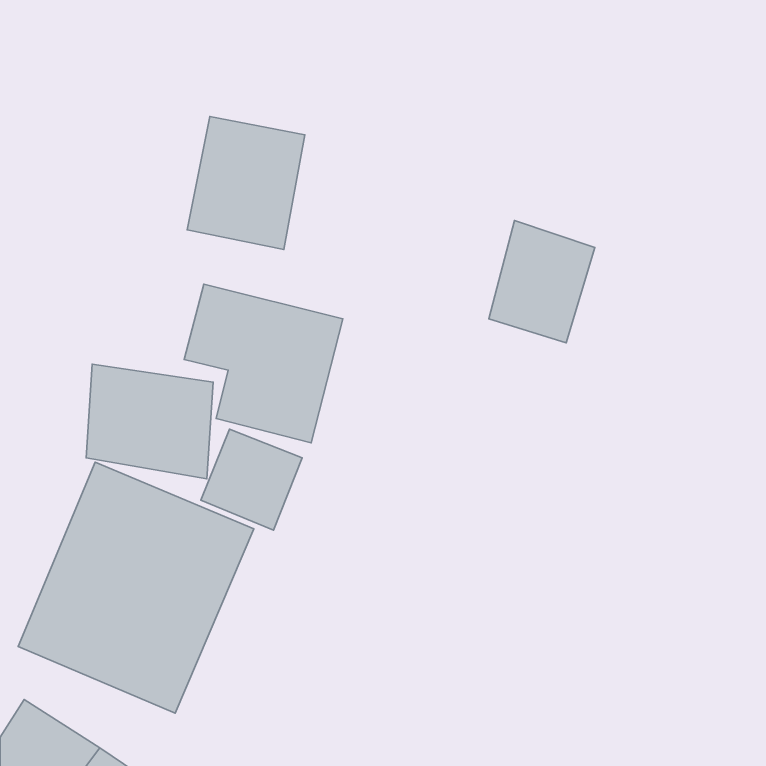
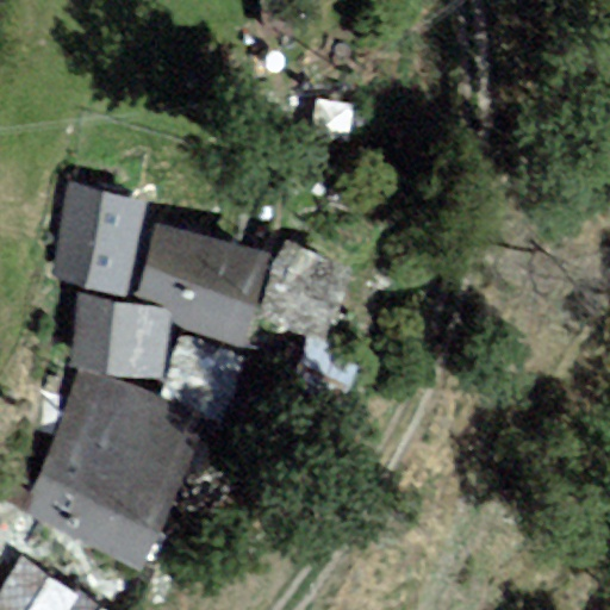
building: [187,117,305,250] -> [52,186,145,291]
building: [489,220,595,343] -> [270,245,354,342]

